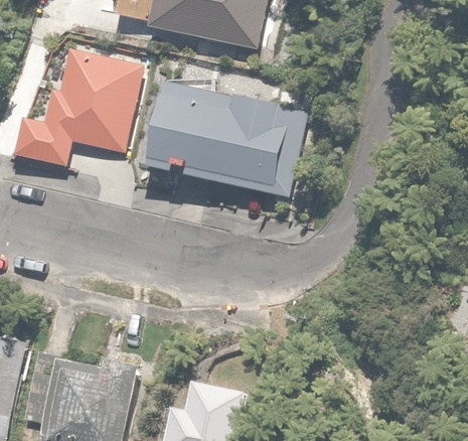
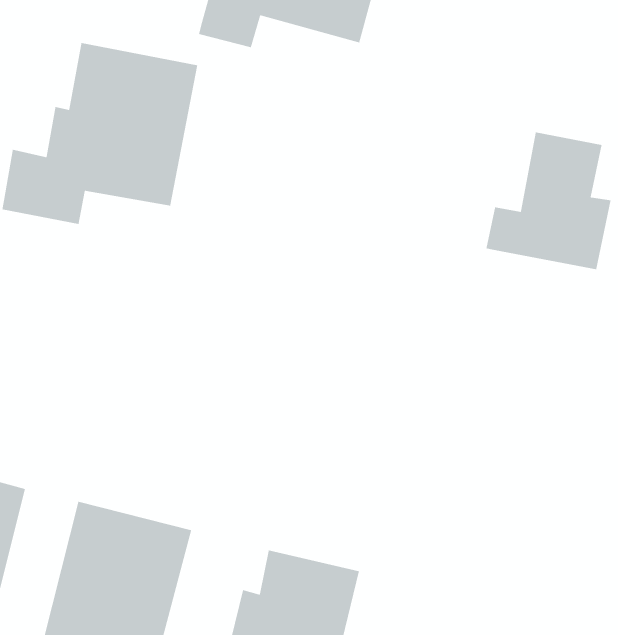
building: [147,81,304,191] -> none
building: none -> [485,132,611,270]

